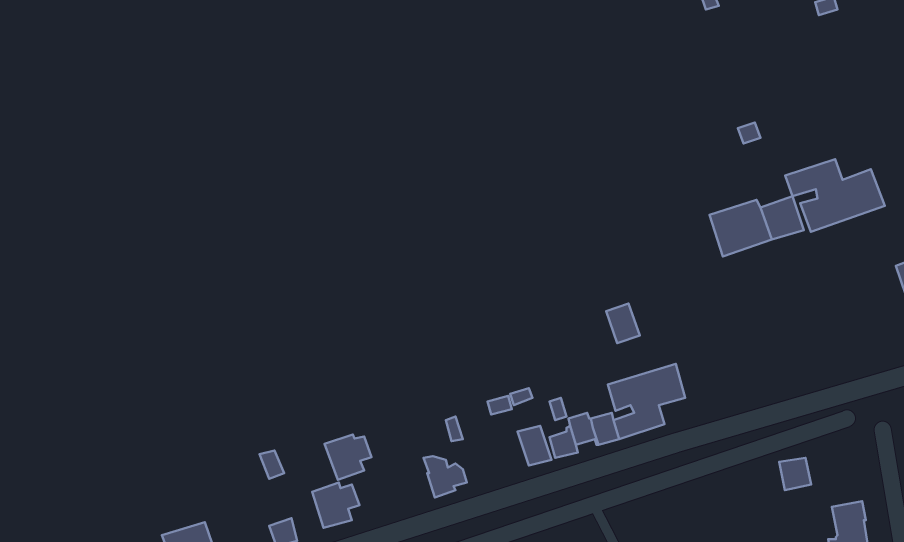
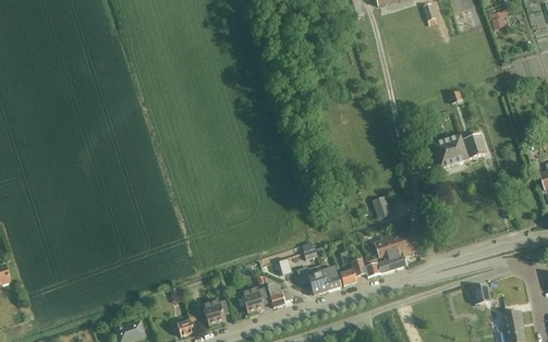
building: [785,159,885,232] -> none
building: none -> [296,266,327,293]
building: [325,435,372,480] -> [240,286,267,313]

